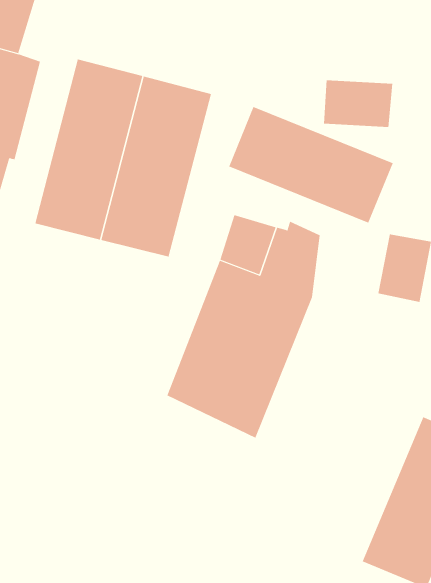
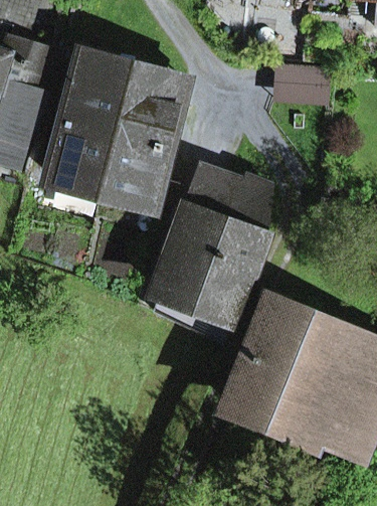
building: [229,106,393,223] -> none
building: none -> [229,294,350,438]

